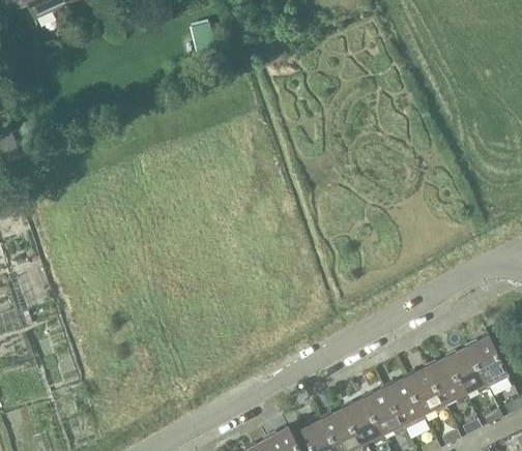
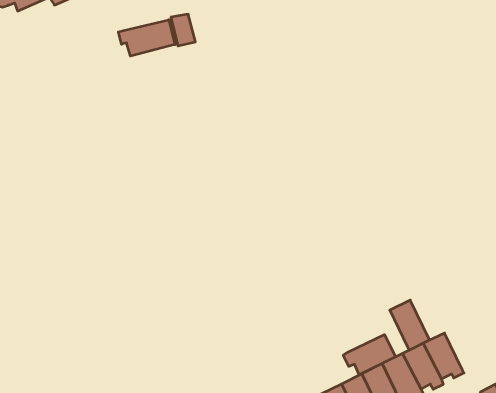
building: none -> [118,20,175,56]
building: [468,335,509,386] -> [390,300,430,350]
building: none -> [343,335,396,375]

